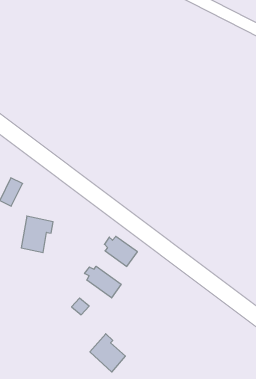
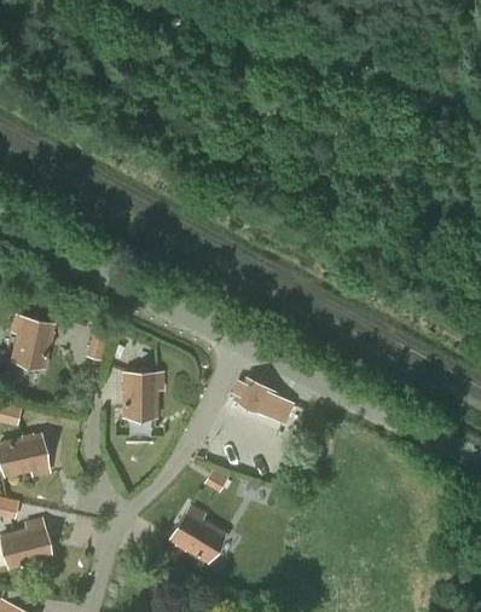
building: [85,266,121,298] -> none
building: [90,334,125,372] -> [173,510,221,560]

